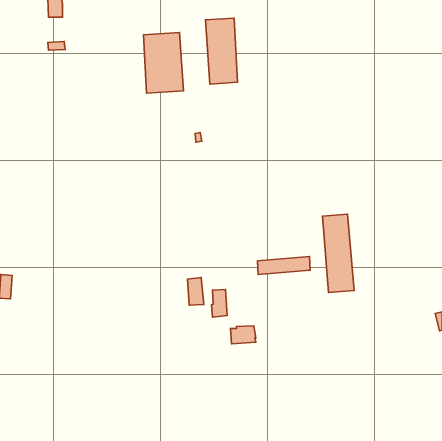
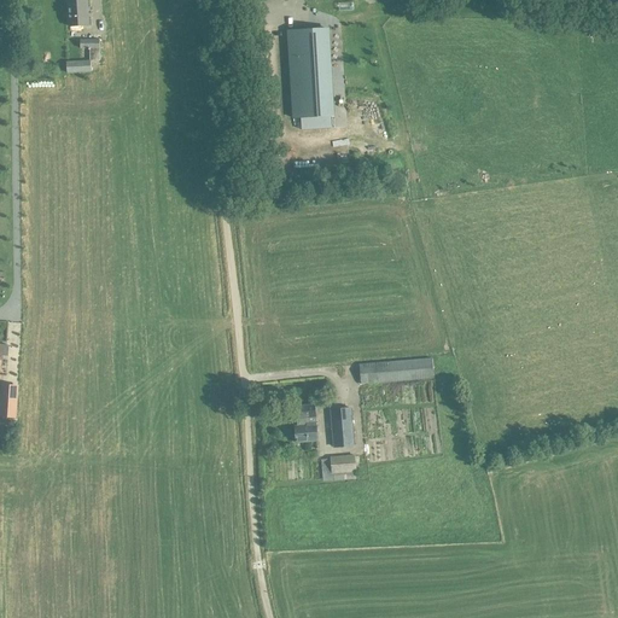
building: [143,33,183,93] -> none
building: [322,214,354,293] -> none
building: [187,278,204,305] -> [331,407,354,445]

